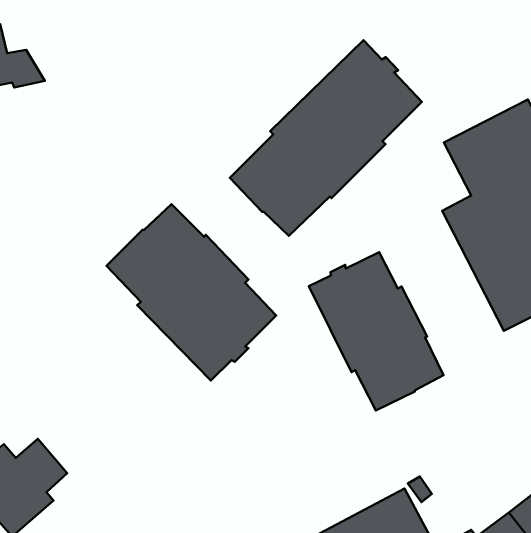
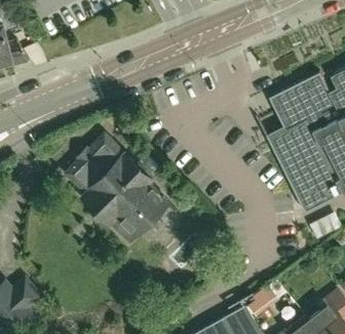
building: [230,40,422,236] -> none
building: [309,252,443,410] -> none

